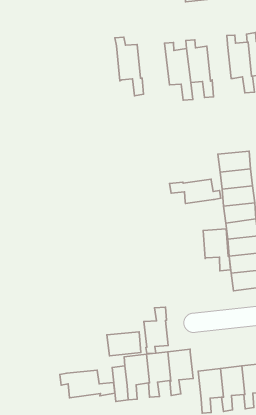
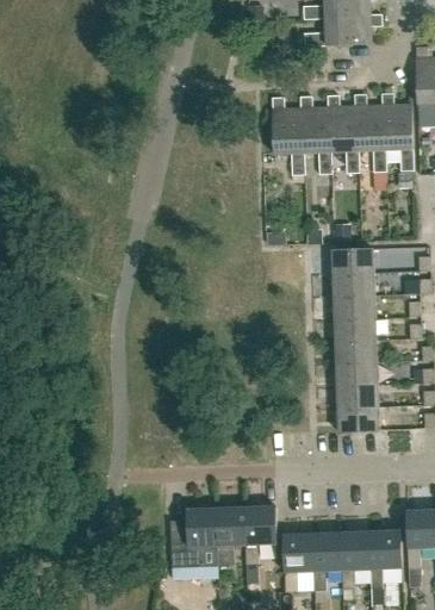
building: [115,37,144,96] -> [327,95,359,174]
building: [170,179,221,203] -> none
building: [203,229,230,271] -> none
building: [144,307,168,353] -> none
building: [107,332,141,356] -> none
building: [60,370,115,398] -> none

